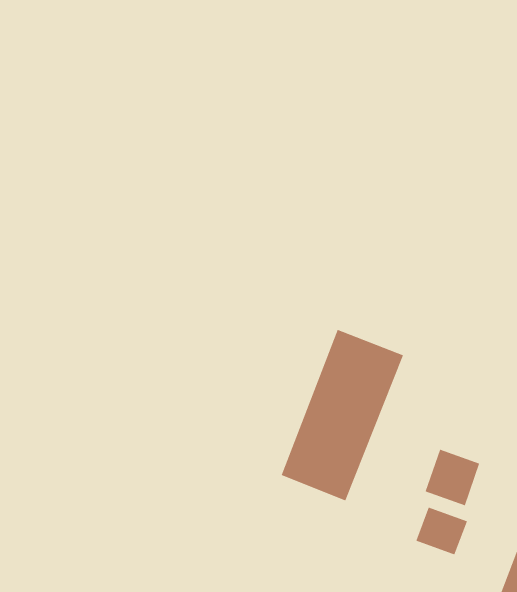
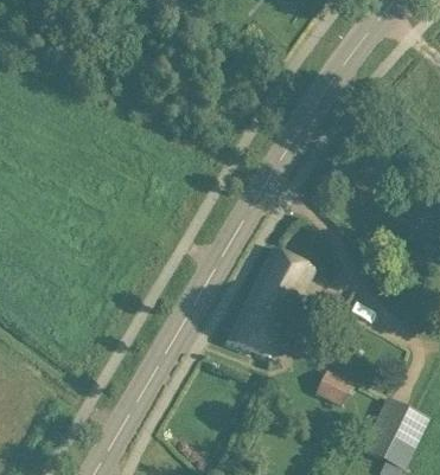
building: [425,449,480,506] -> none

